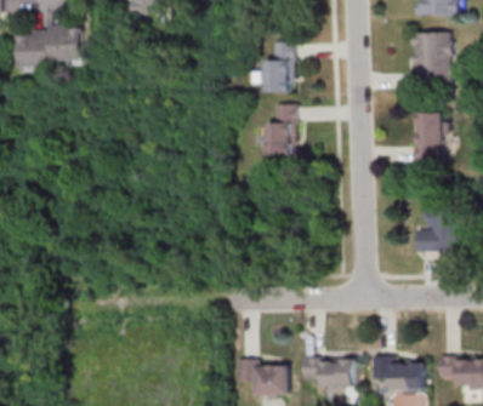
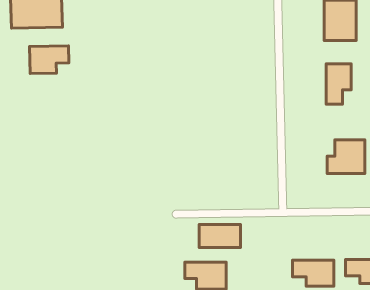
building: [263,42,292,91] -> none
building: none -> [30,46,69,74]
building: [265,104,294,155] -> none
building: [302,358,354,387] -> [199,224,241,248]

